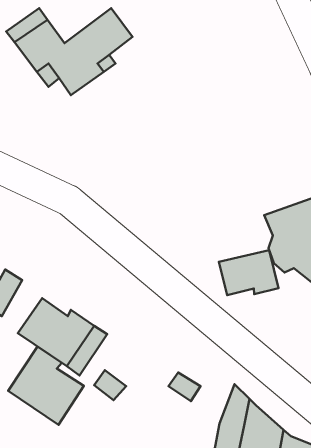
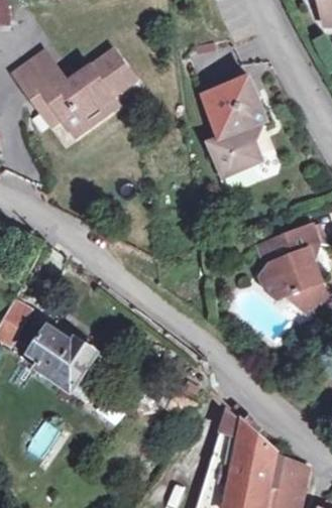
building: none -> [201,78,265,178]
building: [219,250,278,295] -> none
building: [8,347,84,425] -> none

